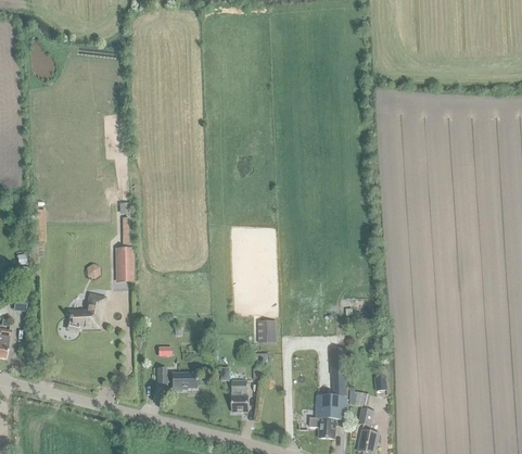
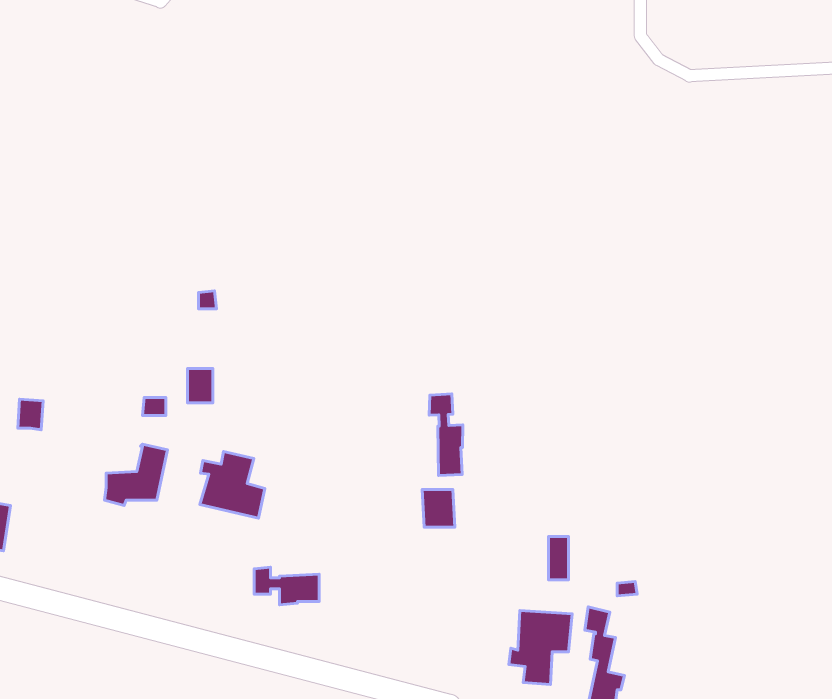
building: none -> [429,394,463,475]
building: none -> [200,451,265,518]
building: [230,379,246,411] -> none

